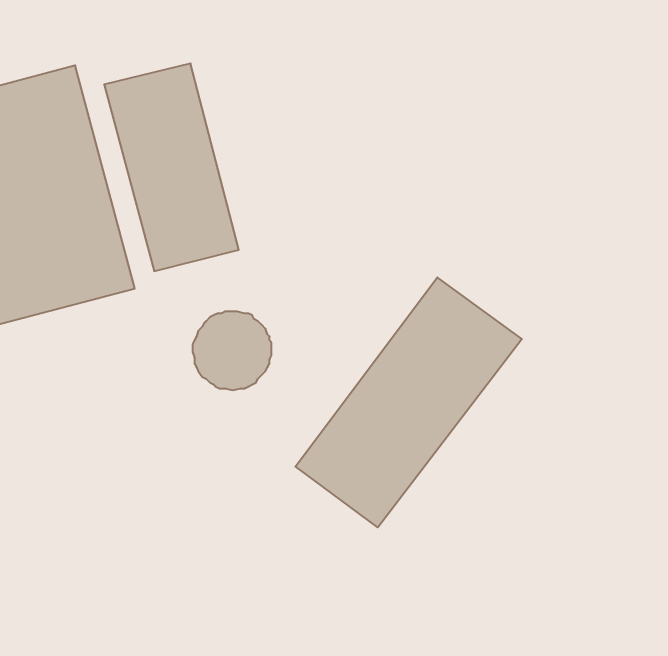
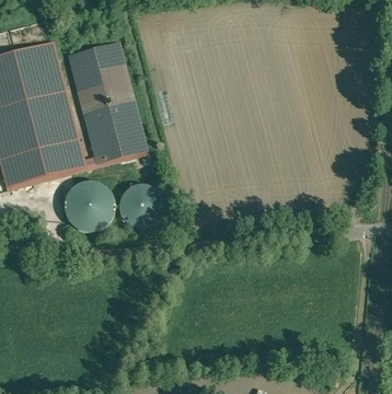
building: [295,277,522,527] -> none
building: none -> [61,179,116,233]

